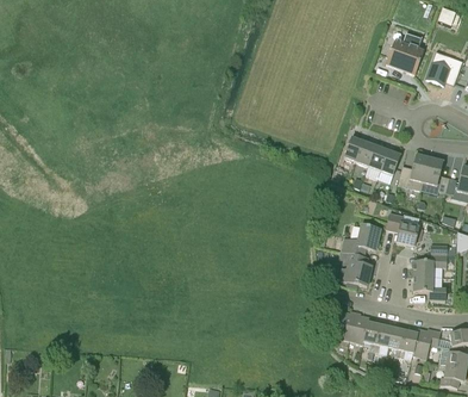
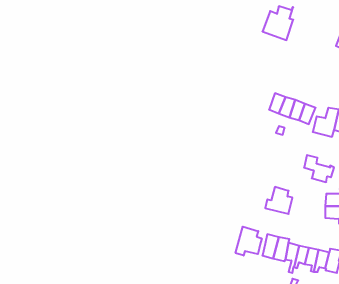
building: [386,32,424,74] -> [262,6,293,40]
building: [342,224,381,255] -> none
building: none -> [236,227,262,256]

